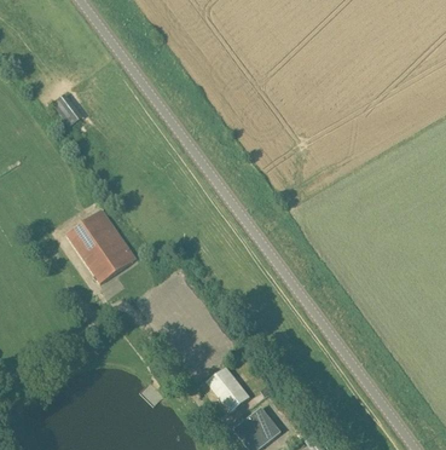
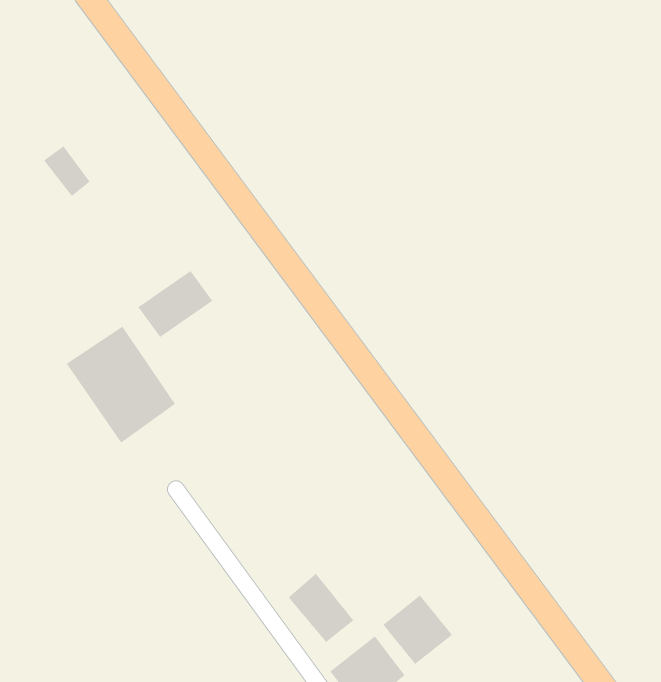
building: none -> [138,270,213,338]
building: none -> [382,595,453,665]

